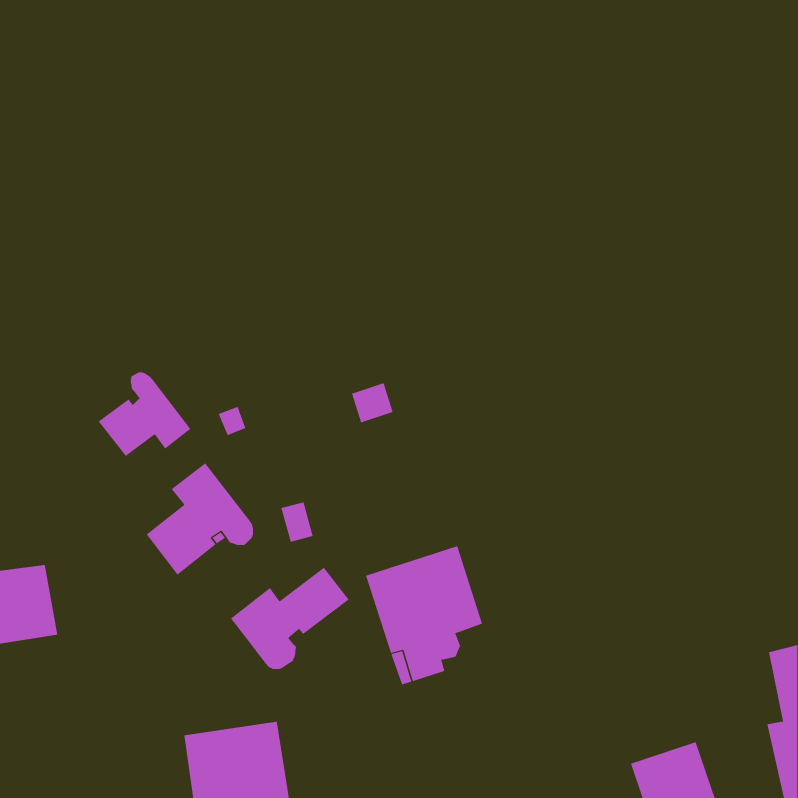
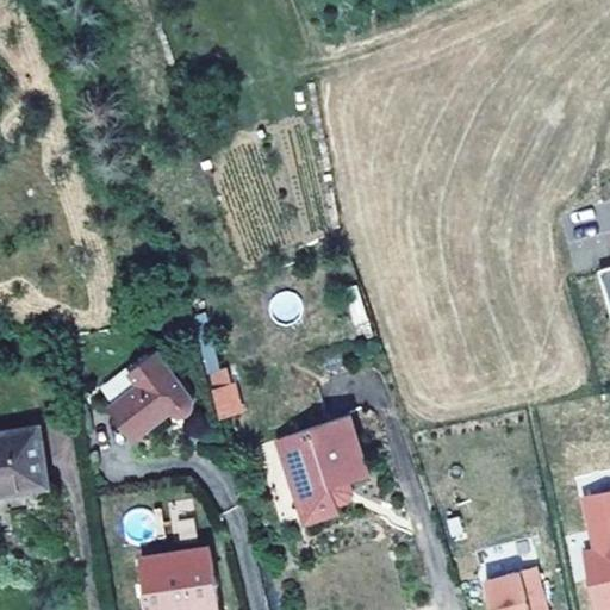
building: [98,371,191,457] -> none
building: [230,567,350,670] -> none

